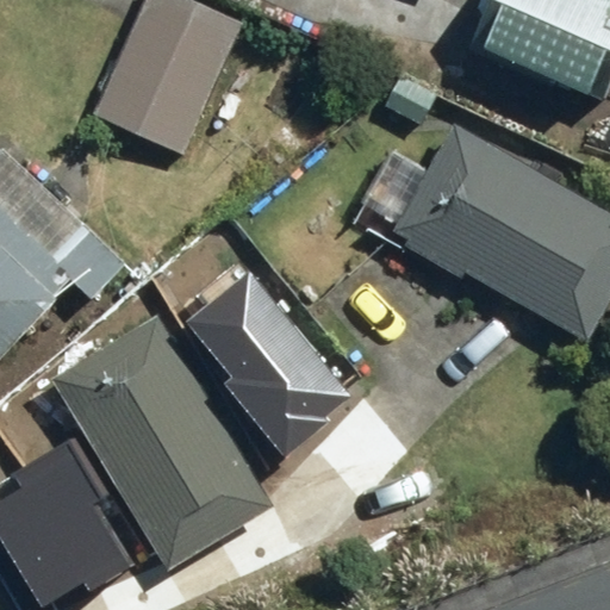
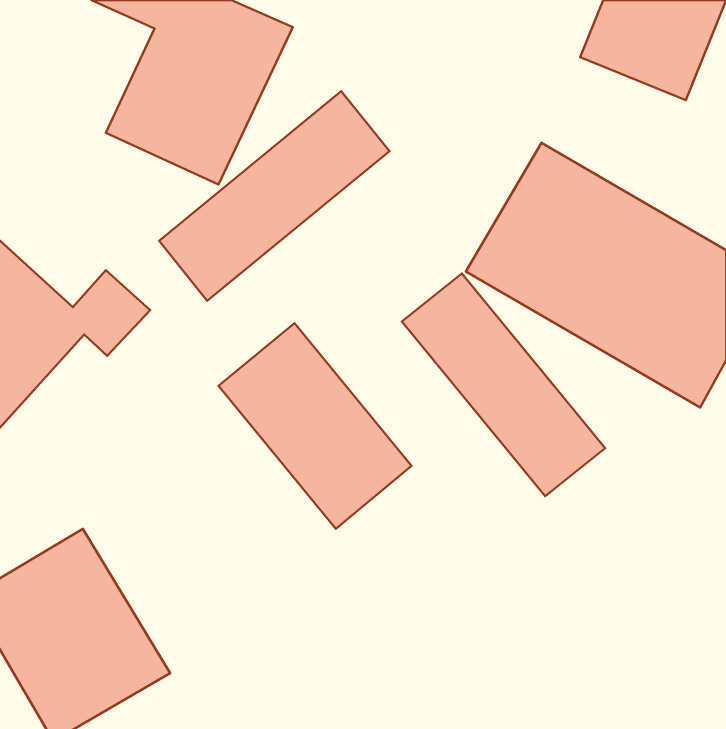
building: none -> [159,91,390,301]
building: none -> [402,273,605,496]
building: [51,315,274,569] -> none

